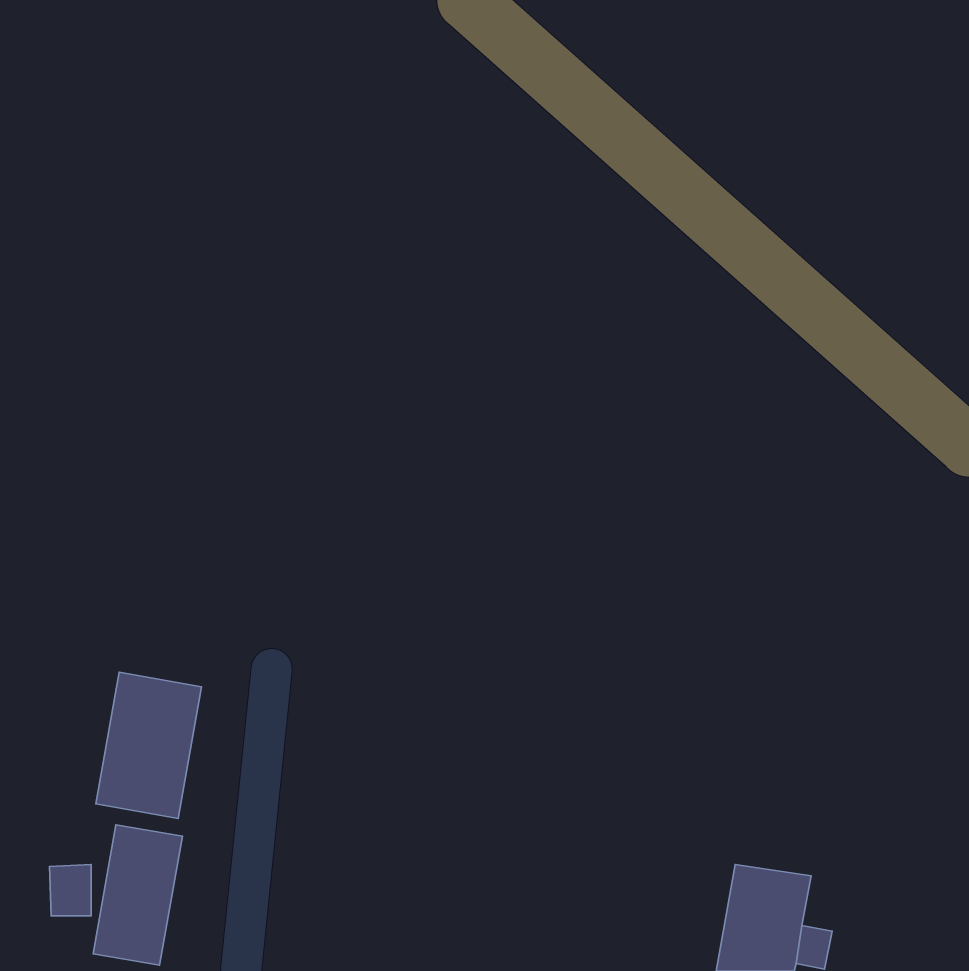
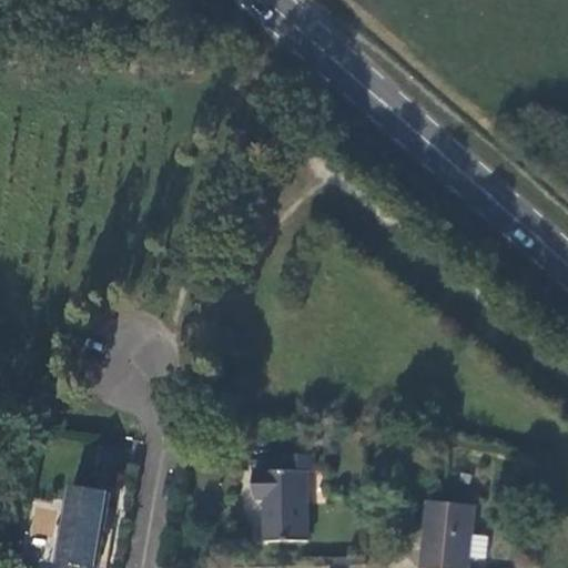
building: [96,672,201,819] -> none
building: none -> [250,455,311,539]

